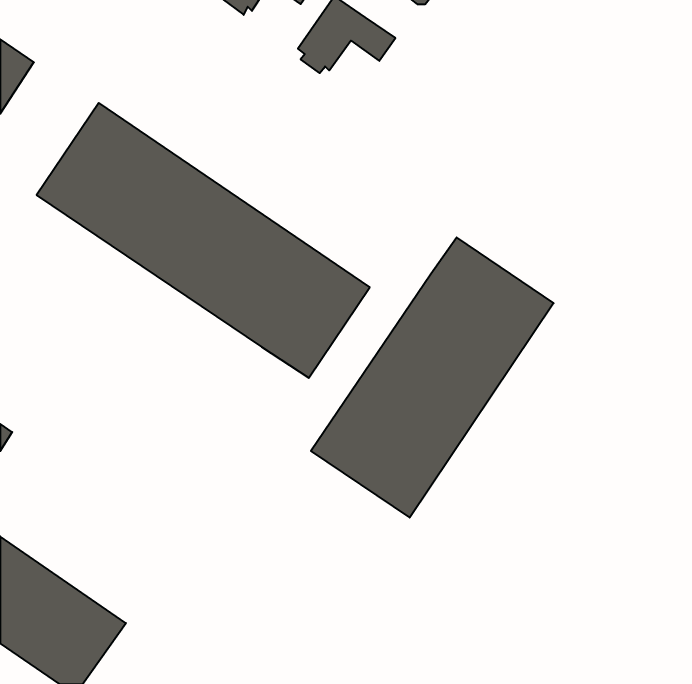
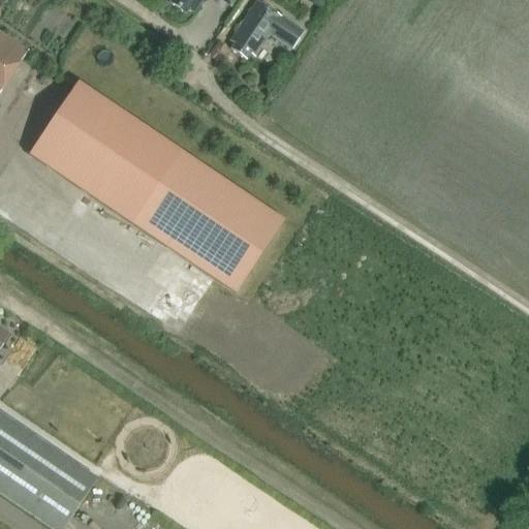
building: [311,237,554,518] -> none

